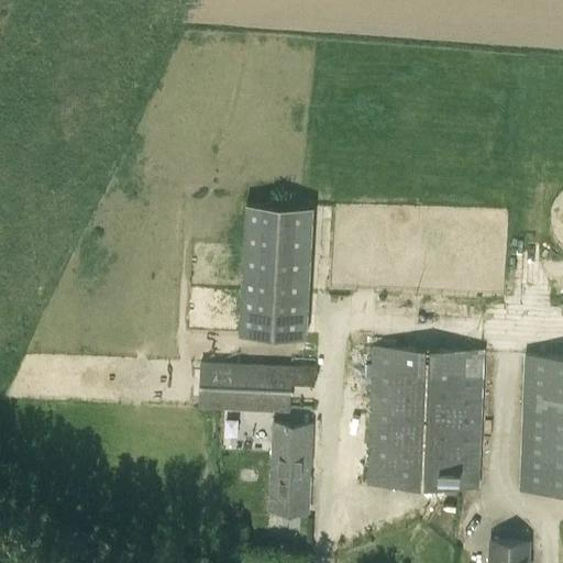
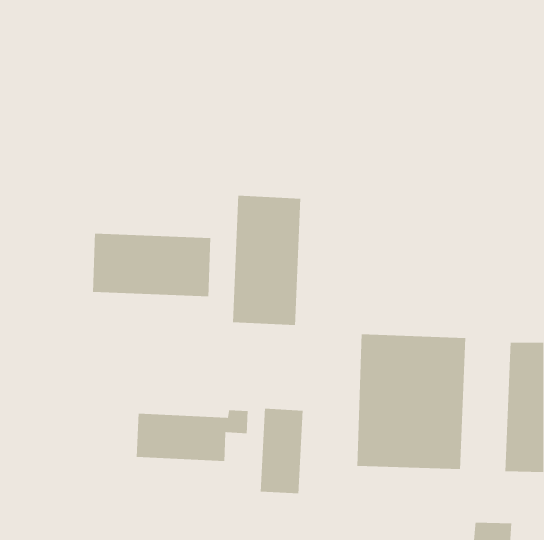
building: none -> [92,233,211,297]
building: [199,362,316,416] -> [136,410,249,462]

